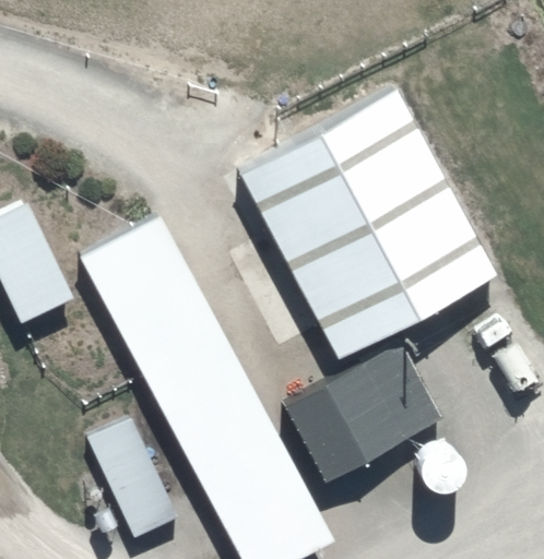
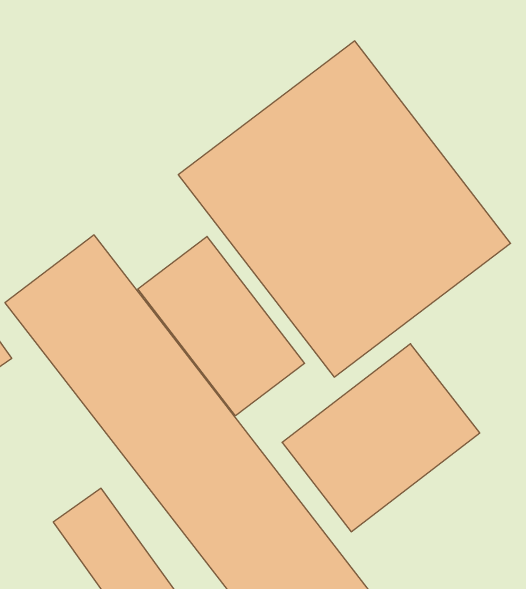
building: none -> [138,236,305,416]

